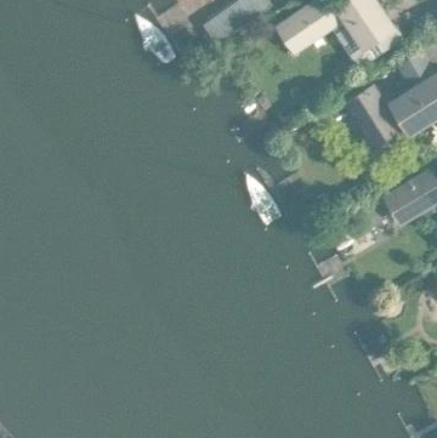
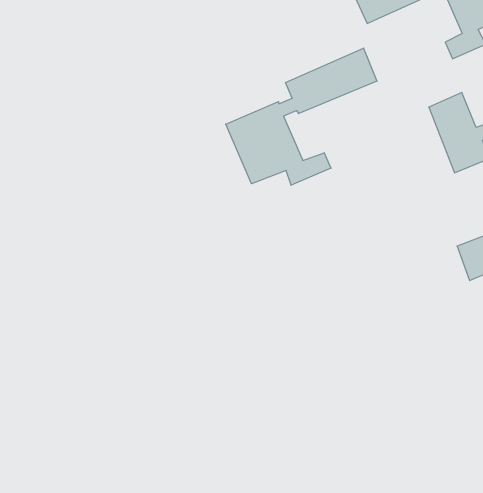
building: none -> [226,48,377,185]

